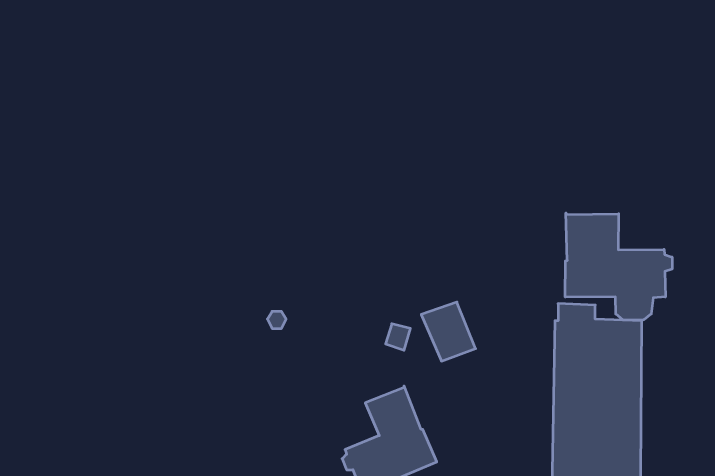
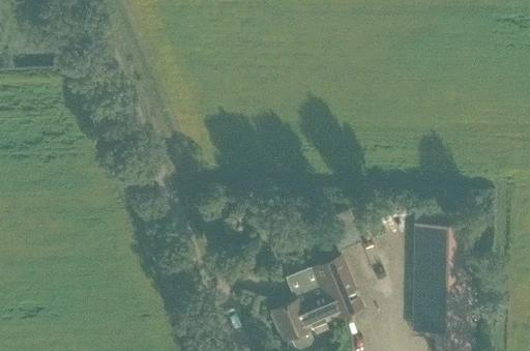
building: [565,213,672,320] -> none
building: none -> [314,255,363,319]

